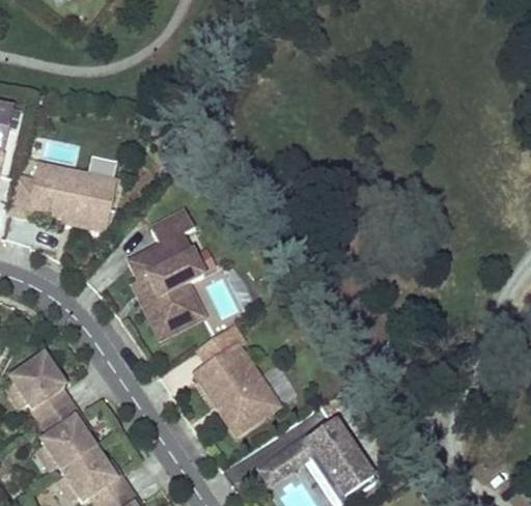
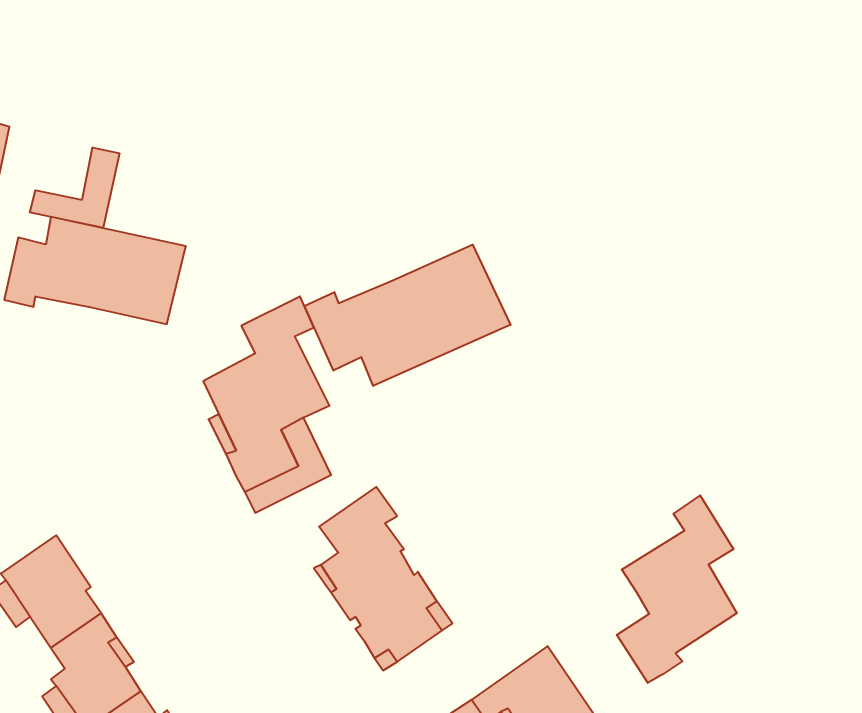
building: none -> [30,147,119,228]
building: none -> [304,245,511,386]
building: none -> [617,495,737,683]

